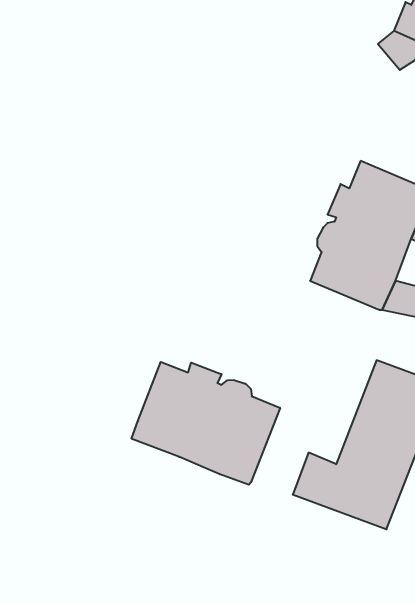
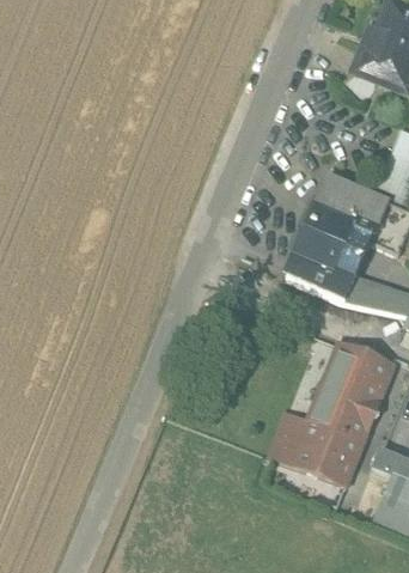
building: [132,362,280,485] -> none

